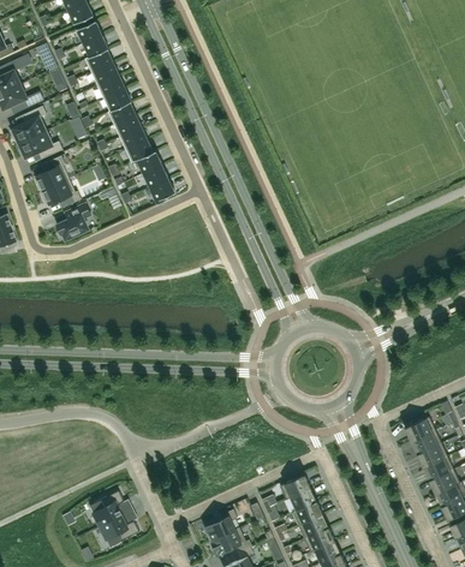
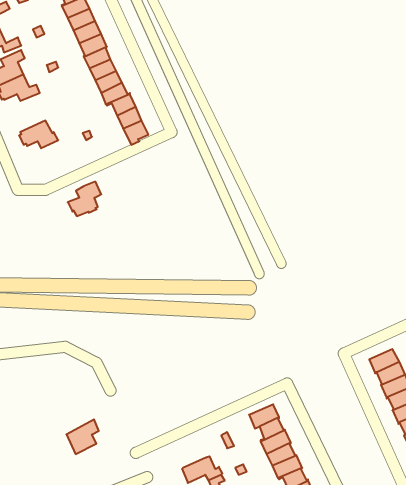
building: [35,156,68,191] -> none
building: [56,203,91,239] -> [68,182,101,216]
building: [203,509,238,541] -> none
building: [100,515,139,547] -> none

